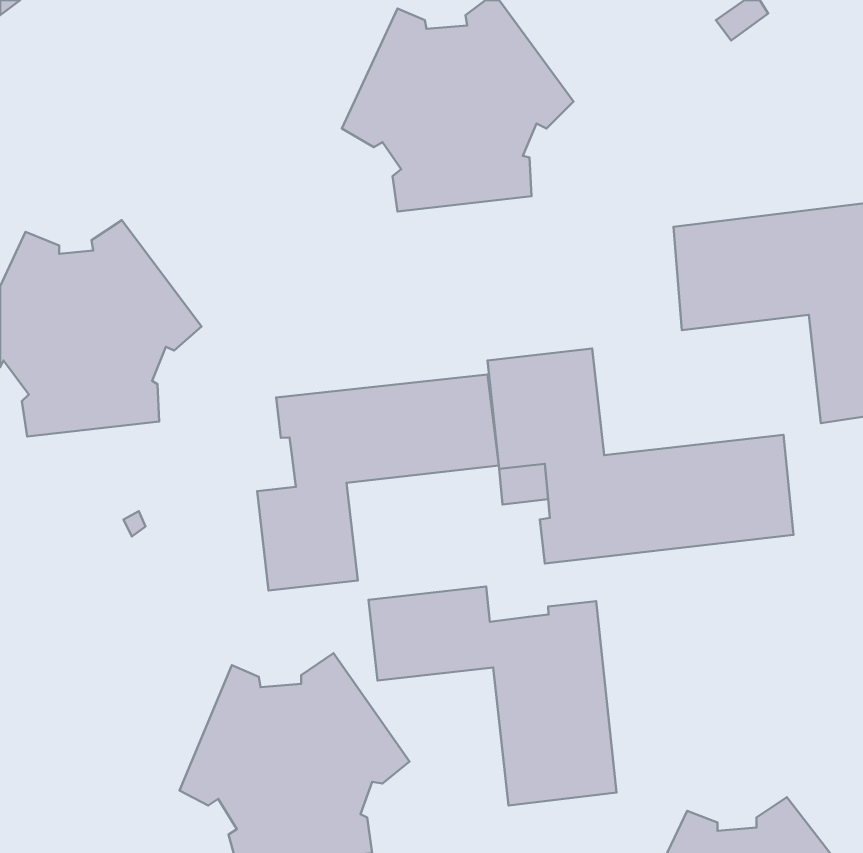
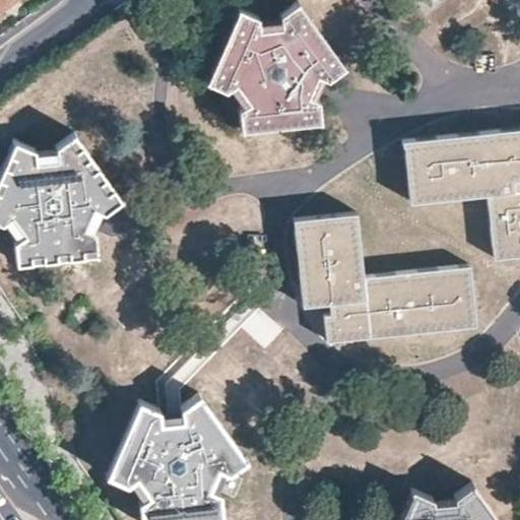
building: [257,374,499,590] -> none
building: [368,587,617,805] -> none

